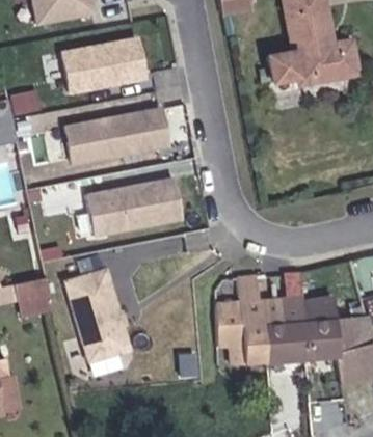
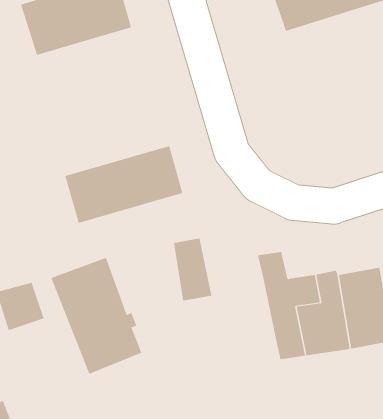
building: [63,105,171,166] -> none
building: [215,298,243,349] -> [173,238,212,301]

